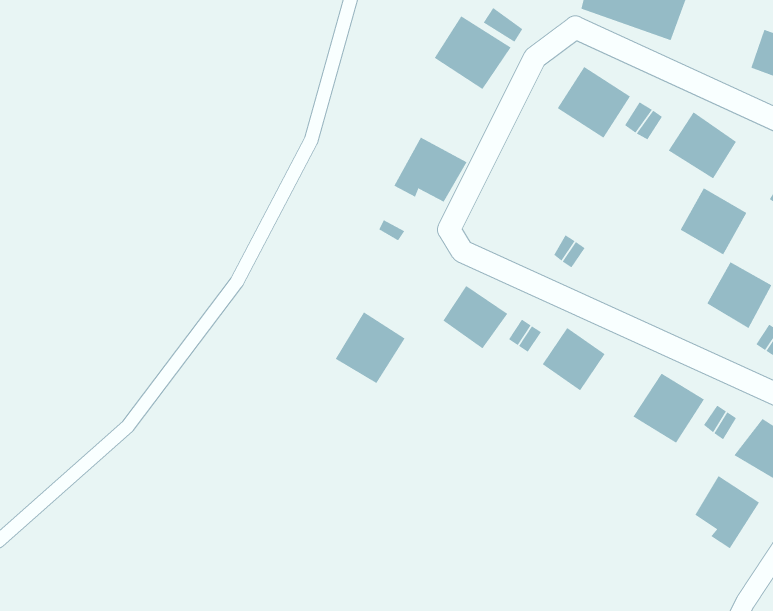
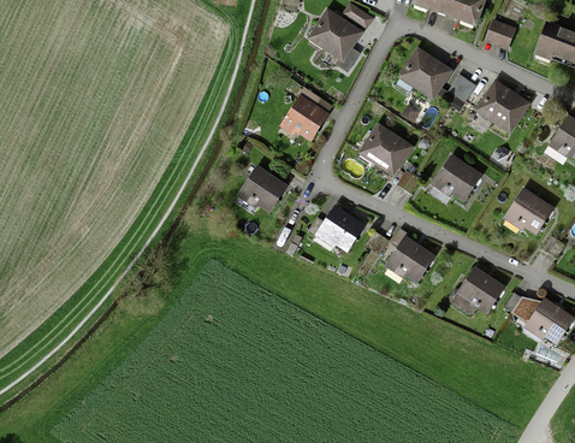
building: none -> [486,20,520,52]
building: none -> [358,124,409,173]
building: [680,188,747,255] -> [432,155,480,203]
building: [335,312,406,384] -> [238,164,289,215]
building: [694,475,760,549] -> none

